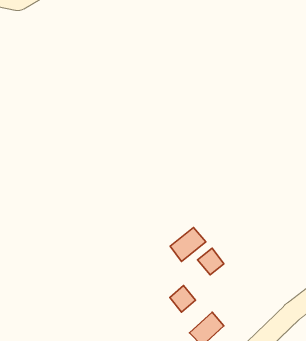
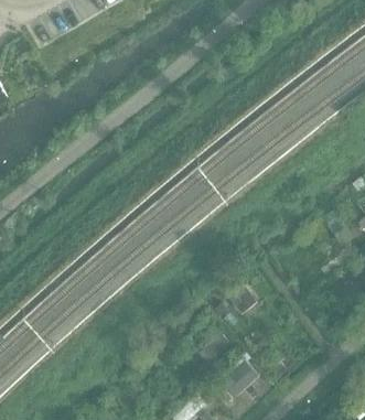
building: [170,227,206,261] -> none

